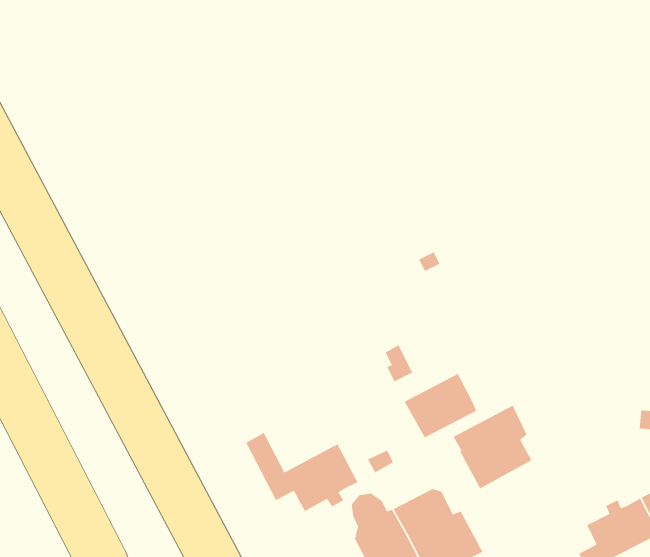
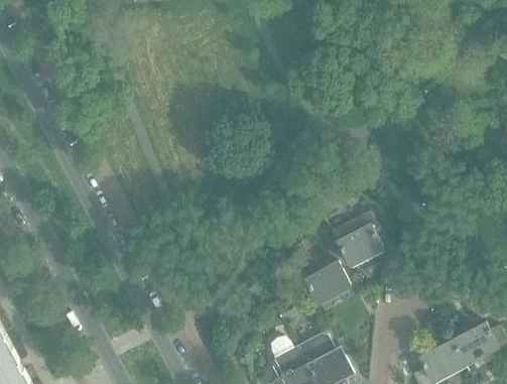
building: [452,405,532,489] -> [332,213,382,266]
building: [245,432,359,512] -> none

